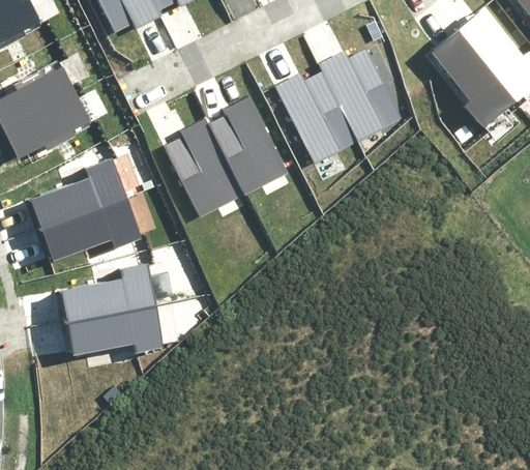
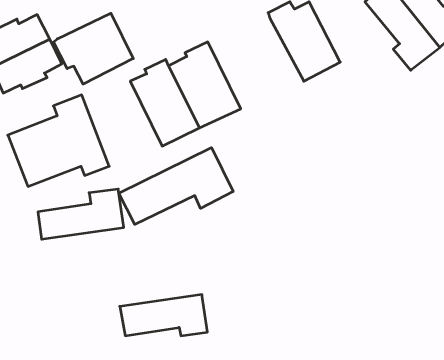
building: none -> [54,13,133,84]
building: [274,69,361,165] -> none
building: none -> [119,148,233,224]
building: [64,306,164,353] -> [120,295,207,336]

